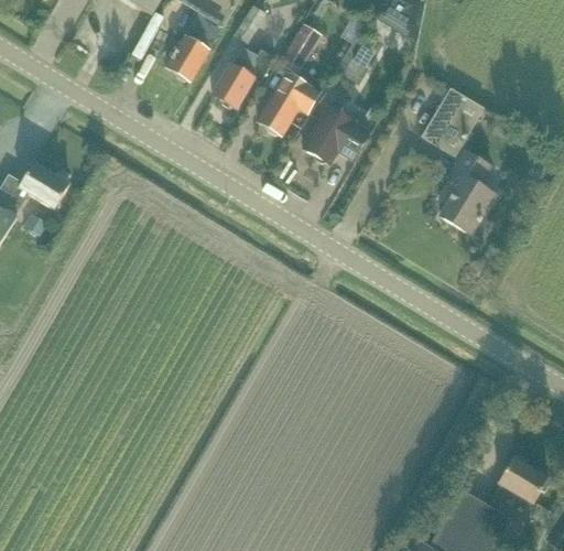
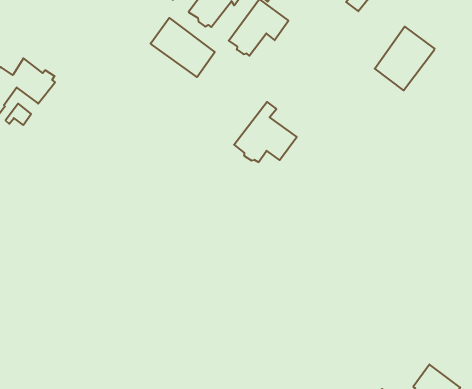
building: [300,96,368,163] -> [234,102,297,162]
building: none -> [151,18,215,77]
building: [441,147,496,233] -> none

